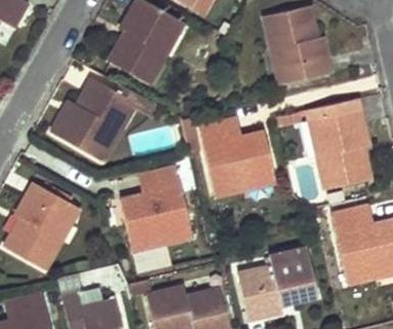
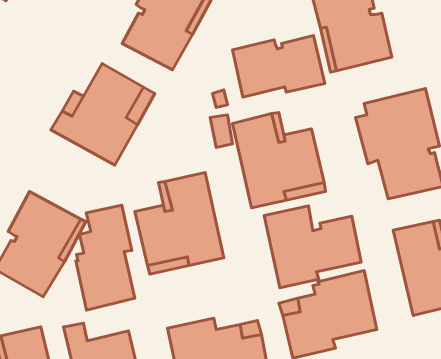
building: none -> [232,35,325,97]
building: none -> [76,205,135,310]
building: none -> [264,206,361,288]

